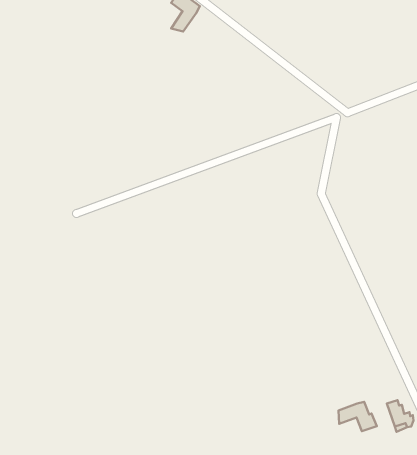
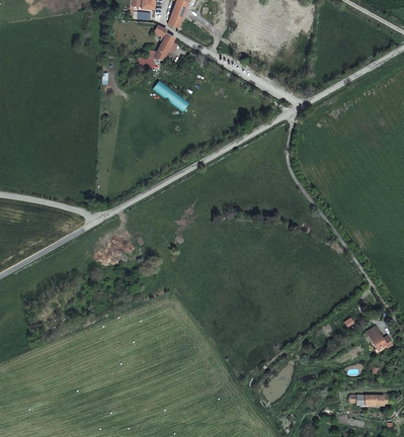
building: [339,402,377,431] -> none

